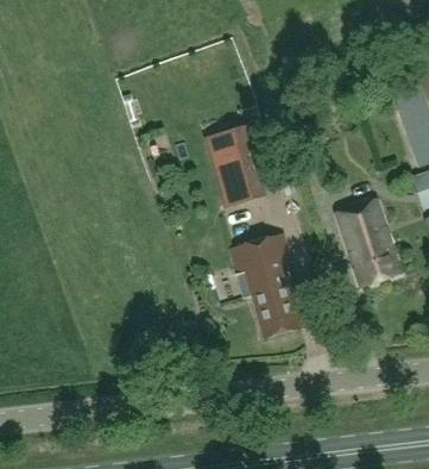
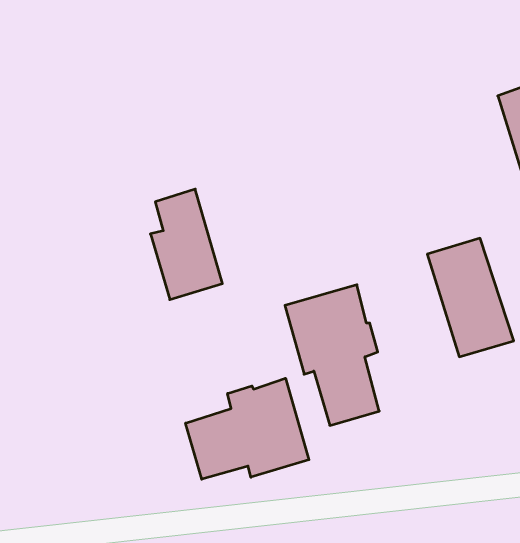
building: [213,124,266,206] -> [150,189,222,300]
building: none -> [186,378,309,479]

